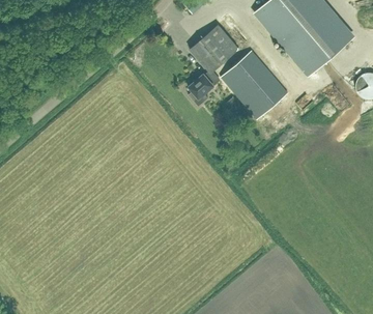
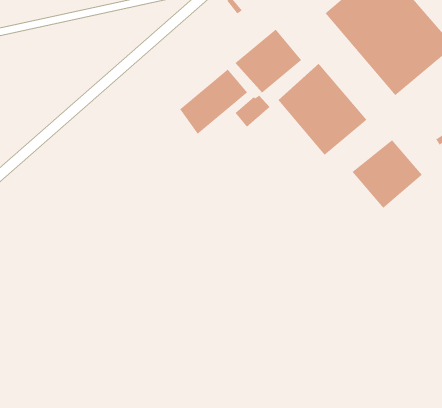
building: none -> [179,68,248,135]
building: none -> [351,139,423,209]

